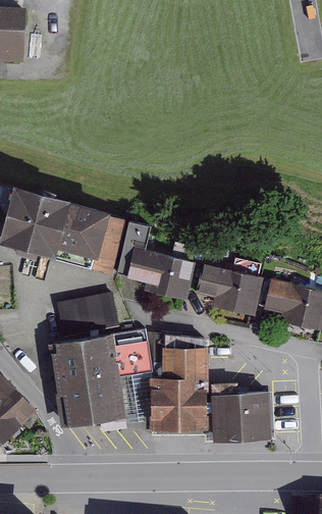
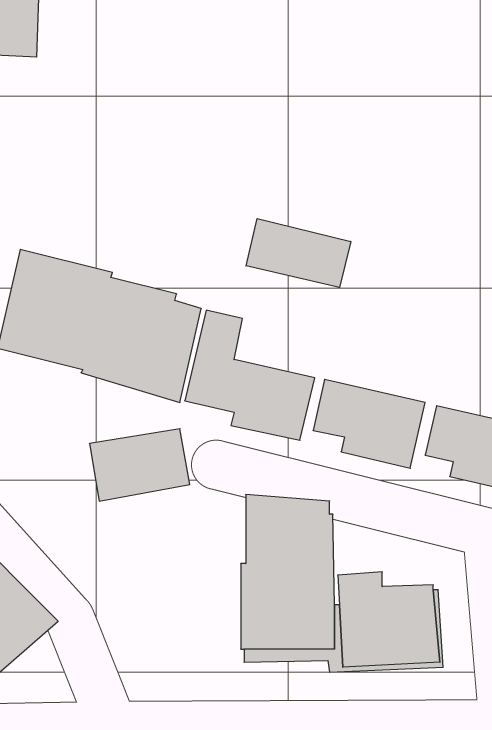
building: none -> [246,219,351,287]
building: [51,330,153,427] -> none

